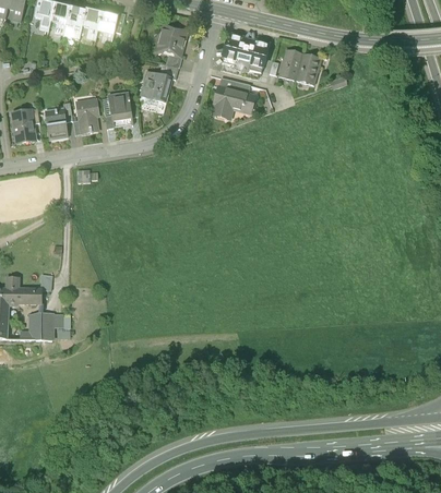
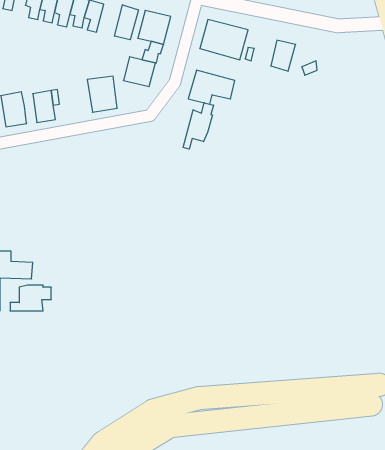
building: none -> [114,5,139,40]
building: [277,49,301,81] -> none
building: [74,97,99,135] -> none
building: none -> [183,103,213,149]

